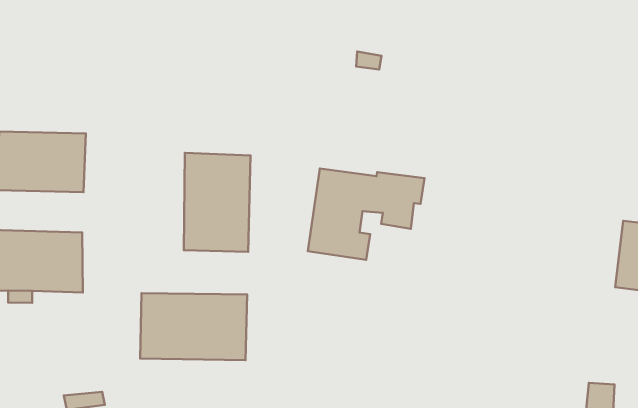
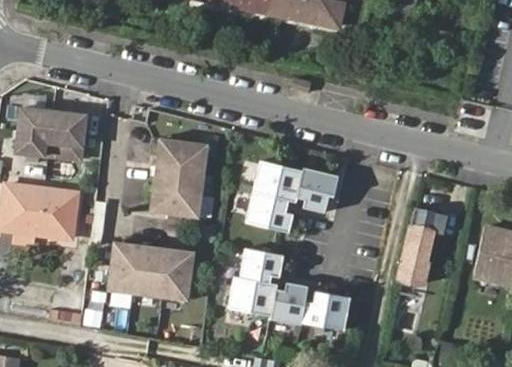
building: none -> [400,206,441,283]
building: none -> [227,249,349,331]

